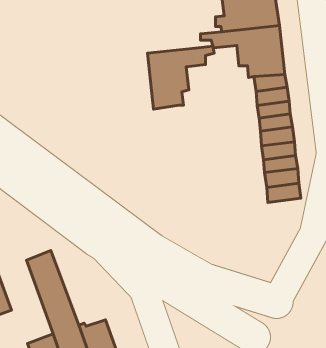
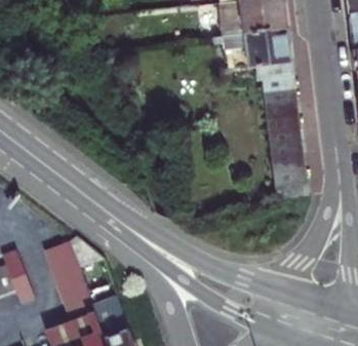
building: [148,46,214,109] -> none

